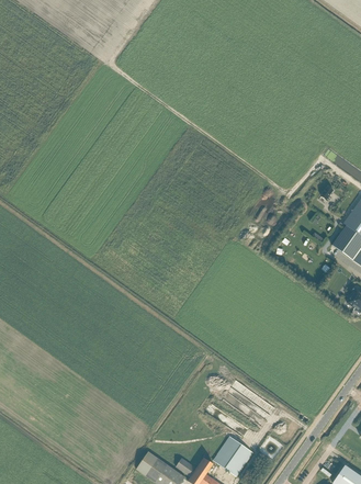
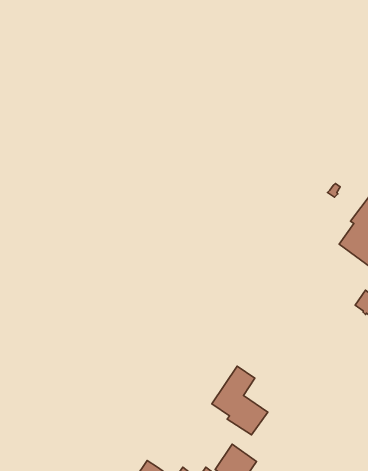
building: none -> [212,366,268,435]

